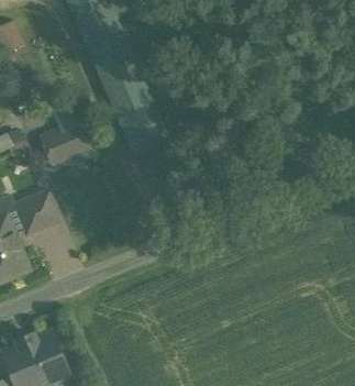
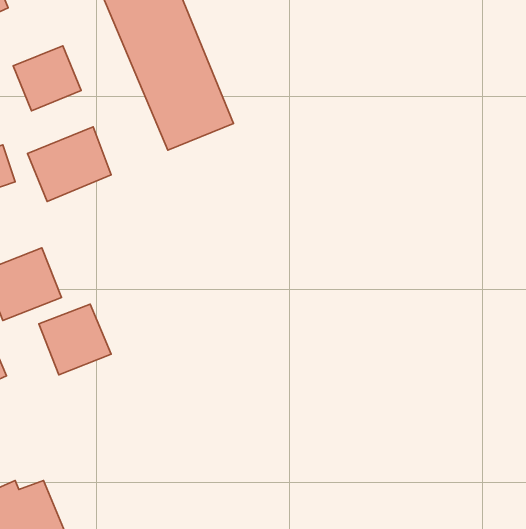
building: none -> [13,46,81,111]
building: none -> [39,304,111,375]

